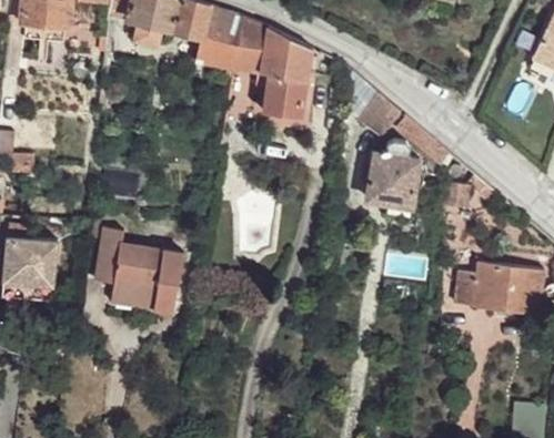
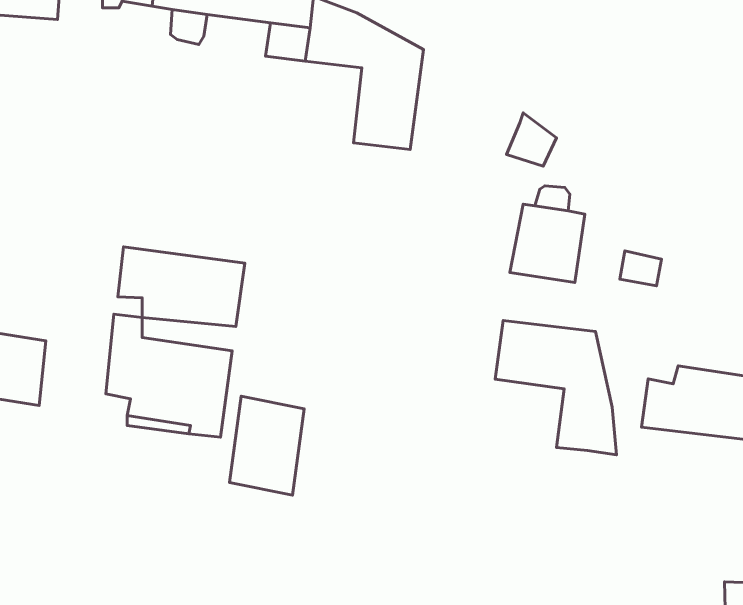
building: none -> [118,247,245,326]
building: none -> [495,321,616,455]
building: none -> [230,396,304,495]

